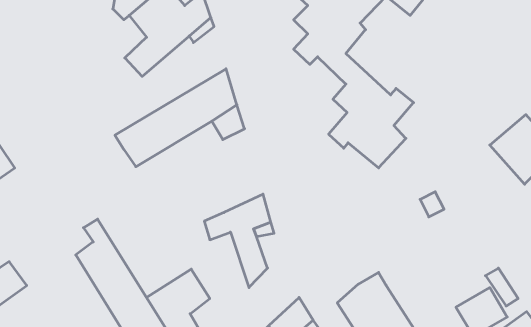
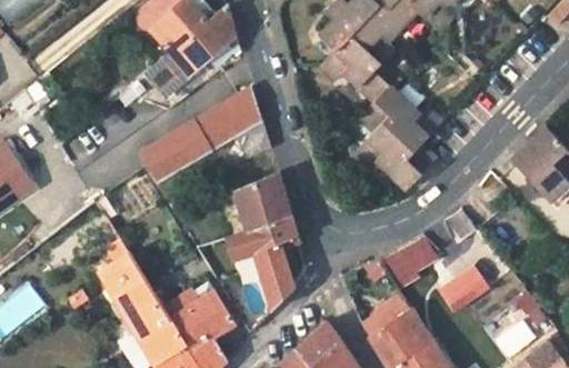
building: none -> [237,175,288,232]
building: none -> [380,231,439,286]
building: none -> [436,263,490,314]

